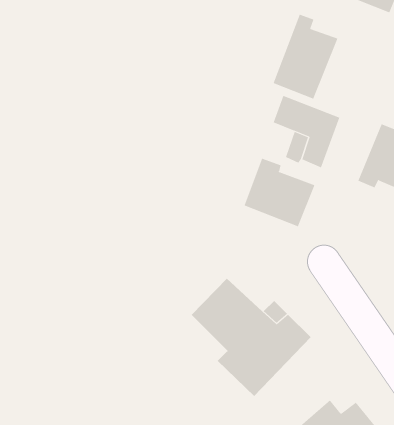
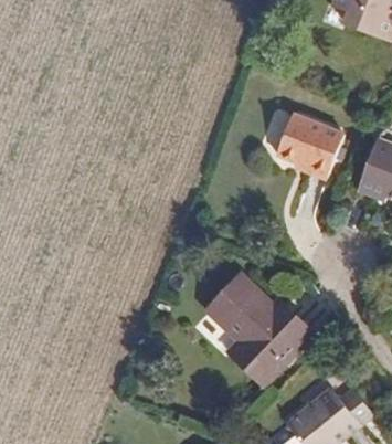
building: [273,14,338,100] -> none
building: [244,158,315,227] -> none

